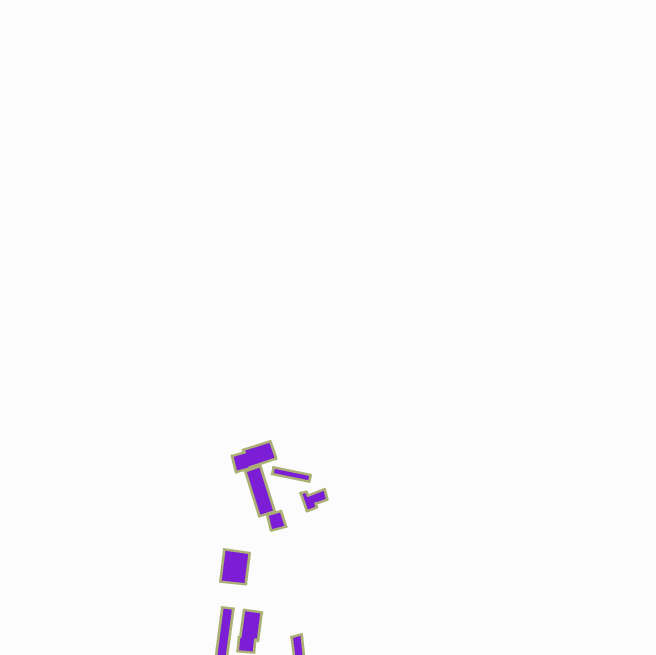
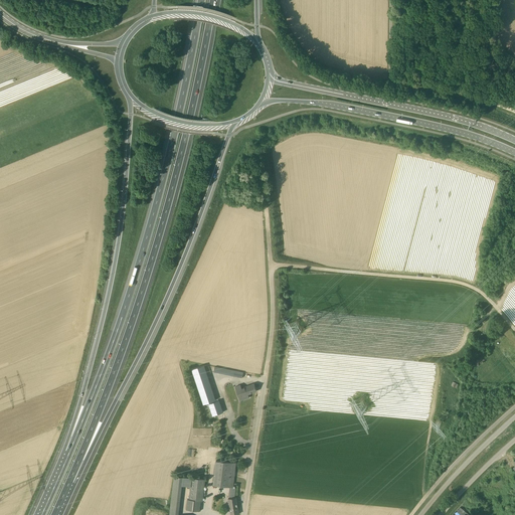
building: [232,441,276,472] -> none
building: [220,549,250,584] -> [213,461,236,488]

